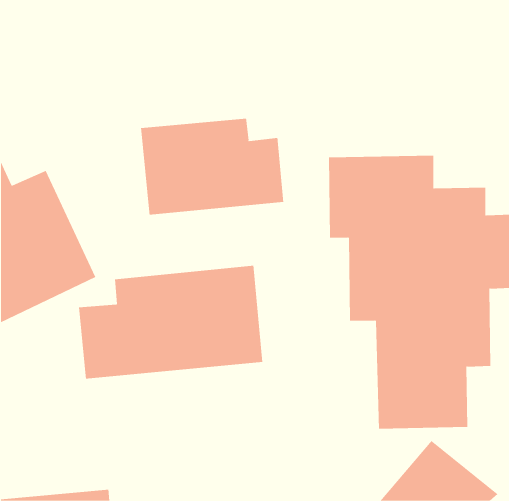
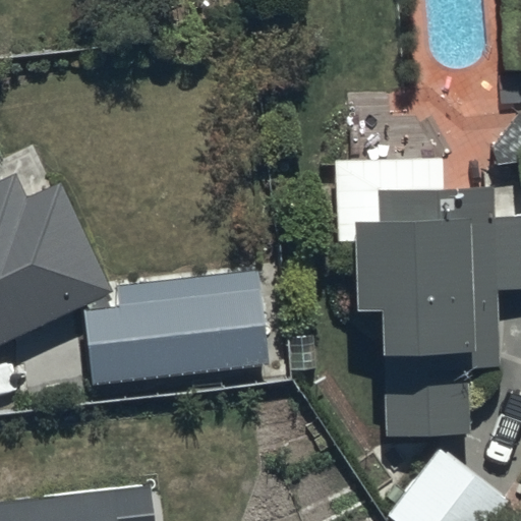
building: [141,118,284,215] -> none

